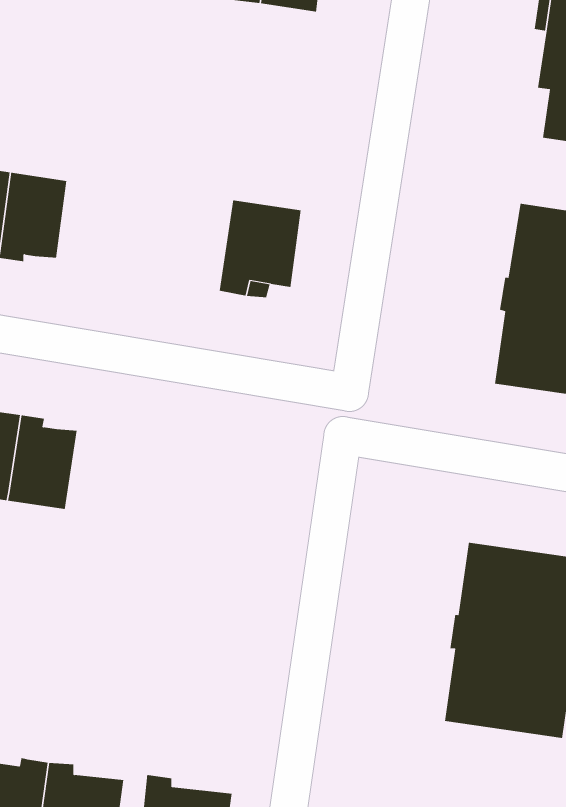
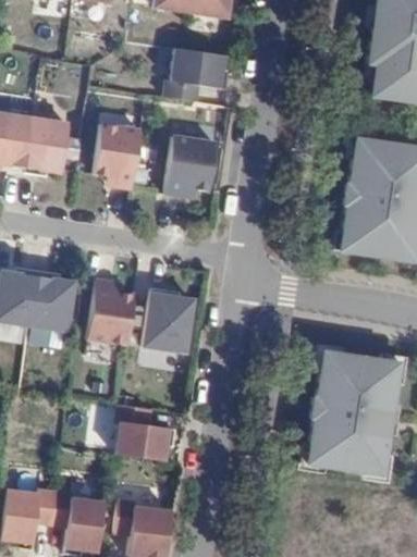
building: none -> [164,49,228,100]
building: none -> [95,123,142,188]
building: none -> [88,280,135,344]
building: none -> [144,288,194,351]
building: none -> [116,404,175,460]

